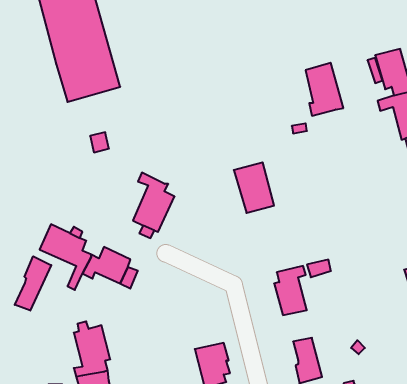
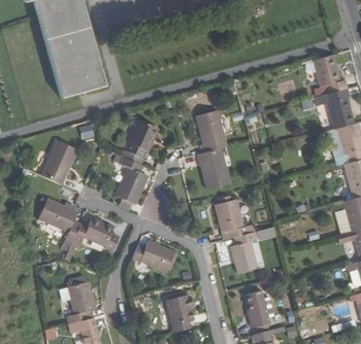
building: [306,63,343,116] -> [196,109,227,152]
building: none -> [122,119,159,165]
building: none -> [40,140,77,184]
building: none -> [215,199,254,238]
building: [15,256,51,311] -> none
building: none -> [132,240,173,272]

